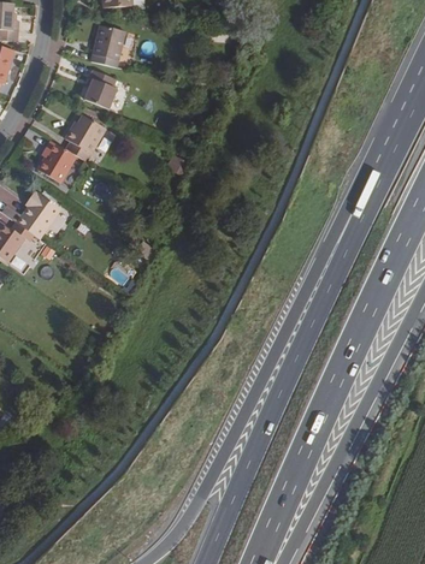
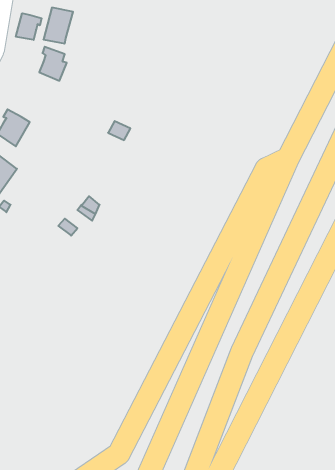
building: none -> [16,13,42,40]
building: [64,115,105,161] -> none

